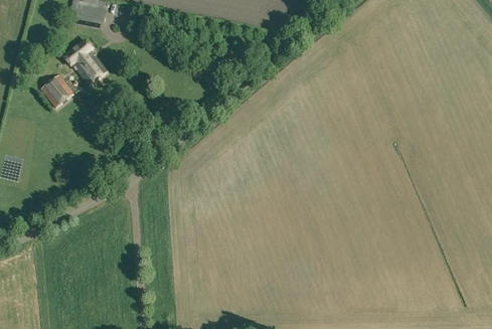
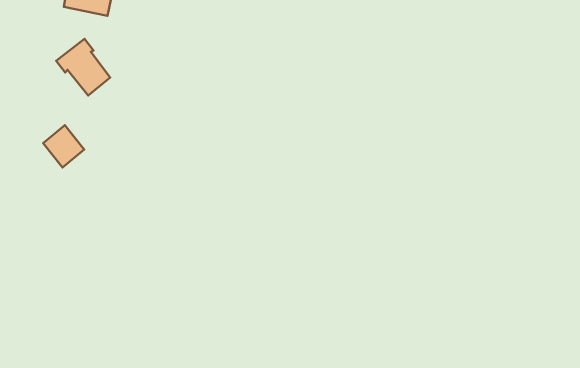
building: [40,73,72,107] -> [43,125,84,168]

